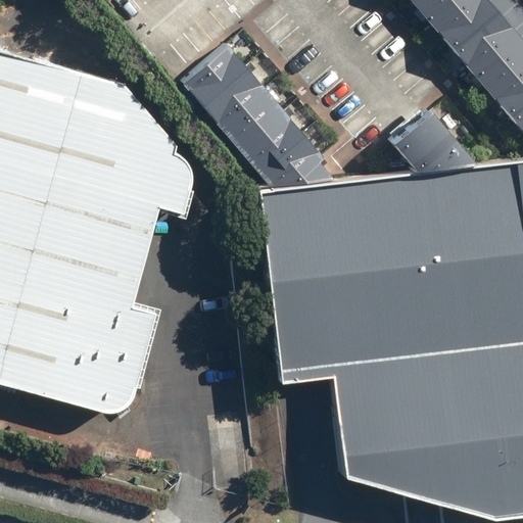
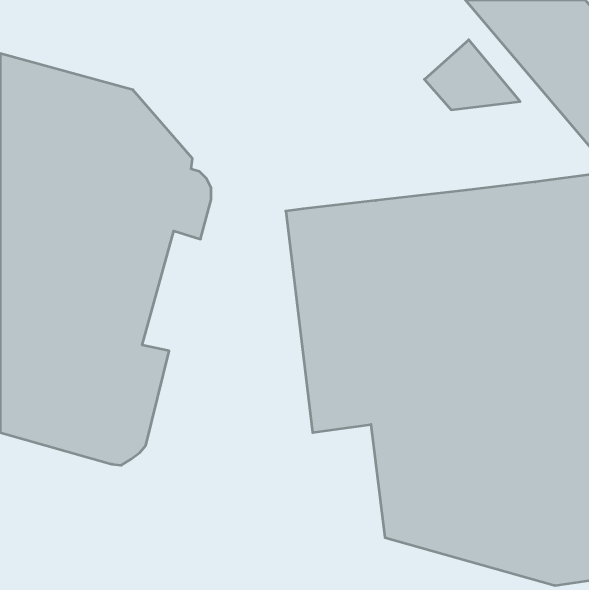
building: [183,47,335,188] -> none
building: [391,110,475,172] -> [424,40,520,110]

